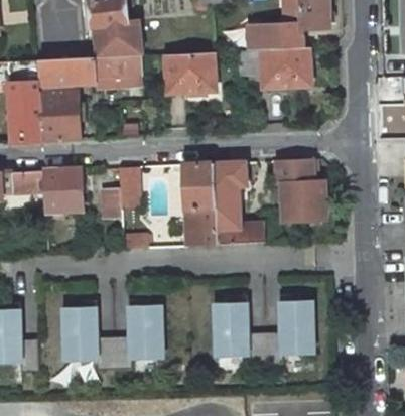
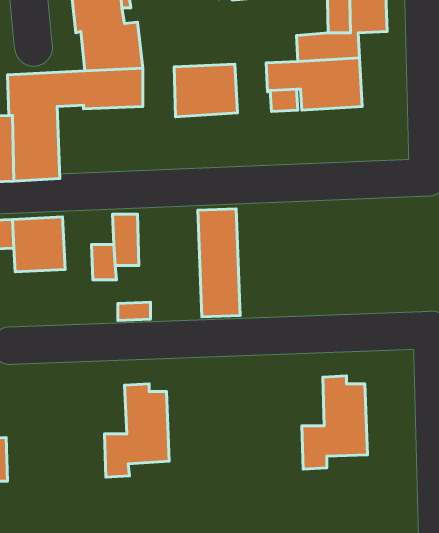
building: [275,159,325,222] -> none
building: [213,162,263,245] -> none
building: [213,293,264,364] -> none
building: [61,299,113,369] -> none

